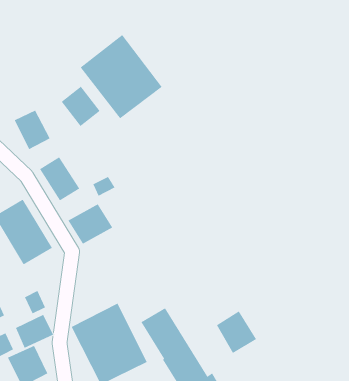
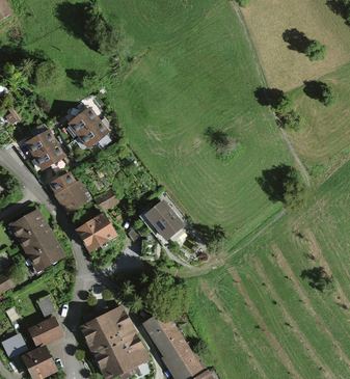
building: [80,34,163,119] -> none
building: none -> [145,199,183,238]
building: [216,311,257,354] -> none

